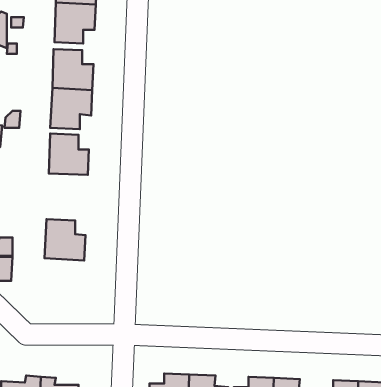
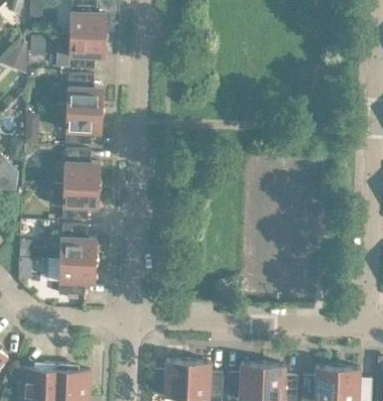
building: none -> [52,185,98,221]
building: none -> [46,260,95,296]

